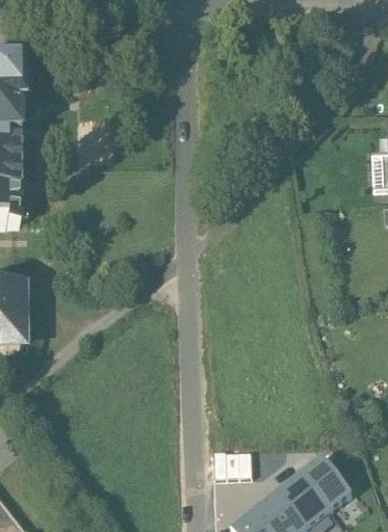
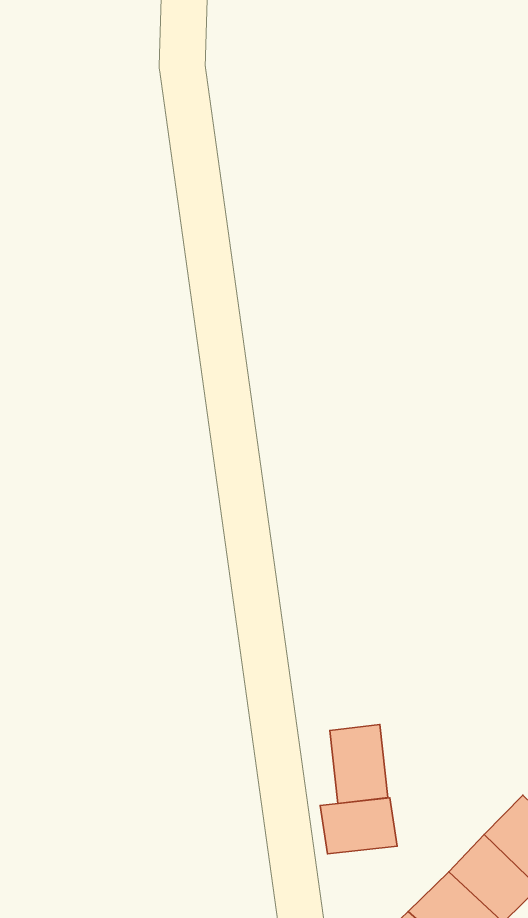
building: none -> [330,725,388,804]

